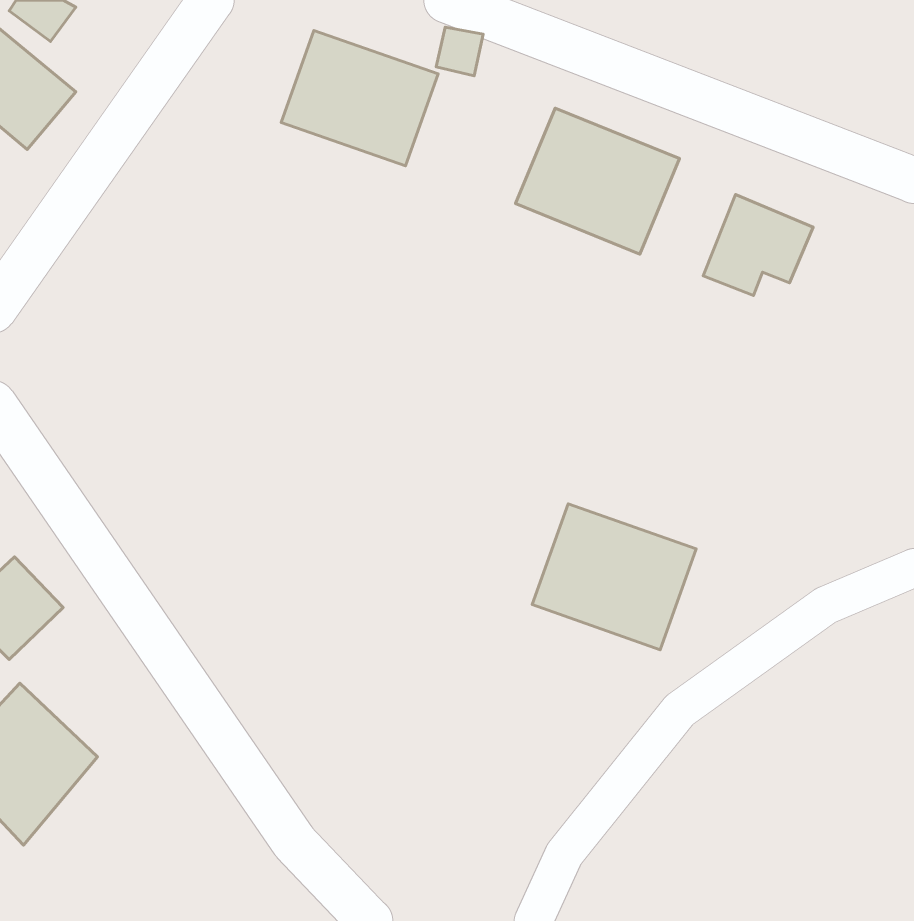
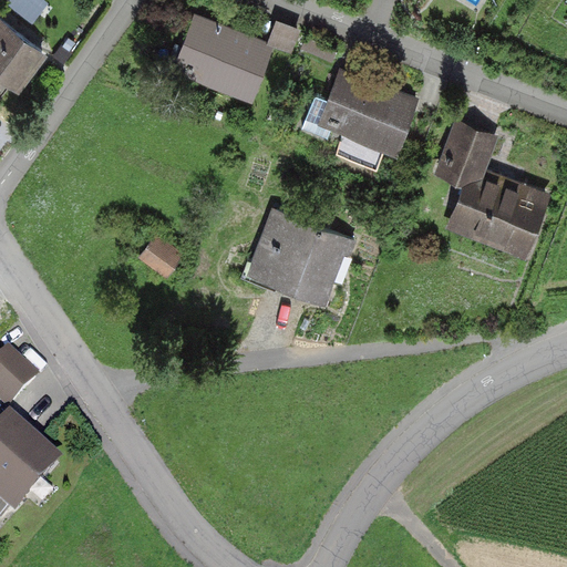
building: none -> [446,167,547,258]
building: none -> [137,235,183,279]
building: [532,504,696,650] -> [251,212,352,301]

